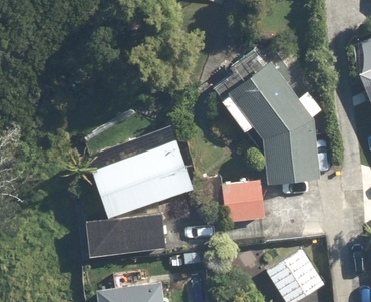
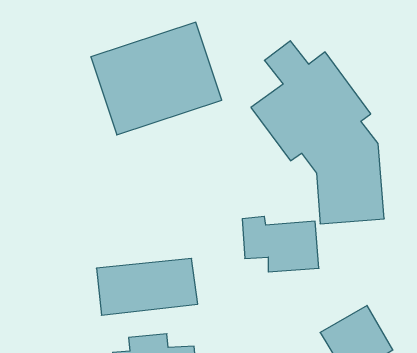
building: [86,126,193,218] -> [91,22,222,135]

